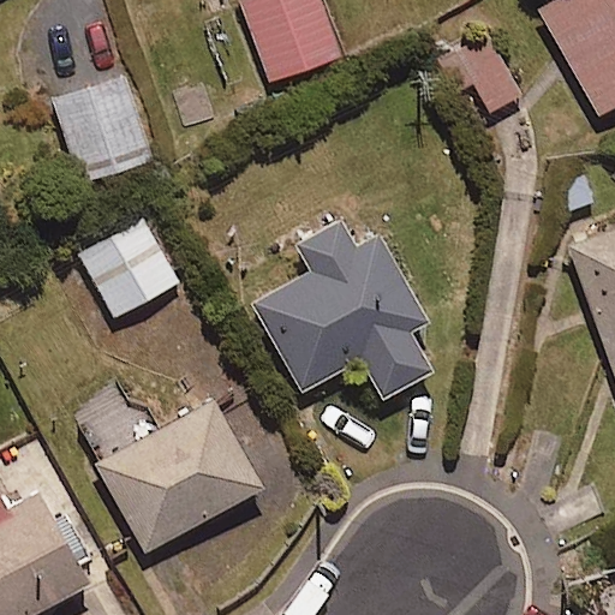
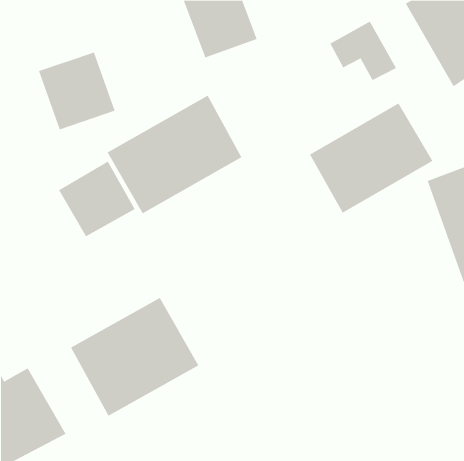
building: none -> [107,95,242,214]
building: none -> [309,102,433,214]
building: [251,215,434,396] -> none

